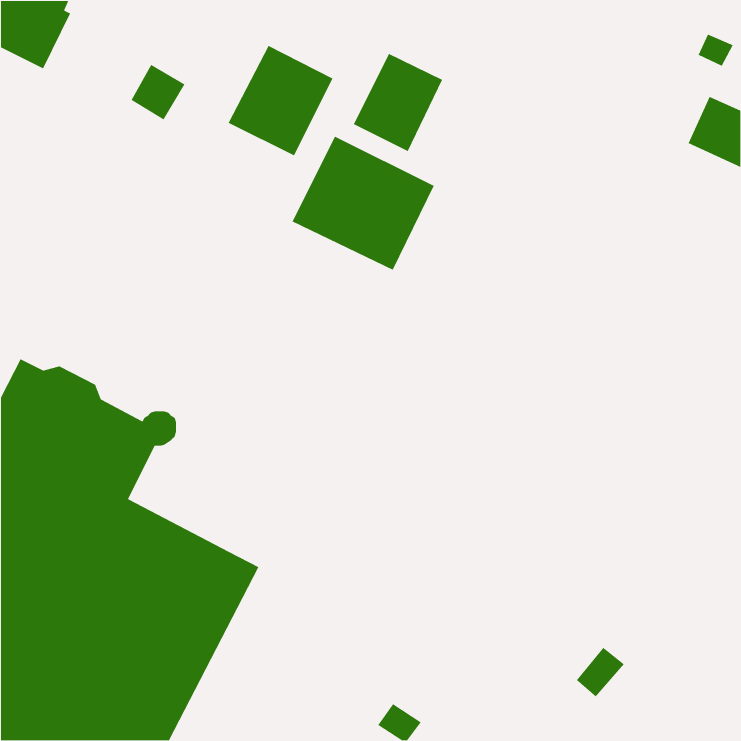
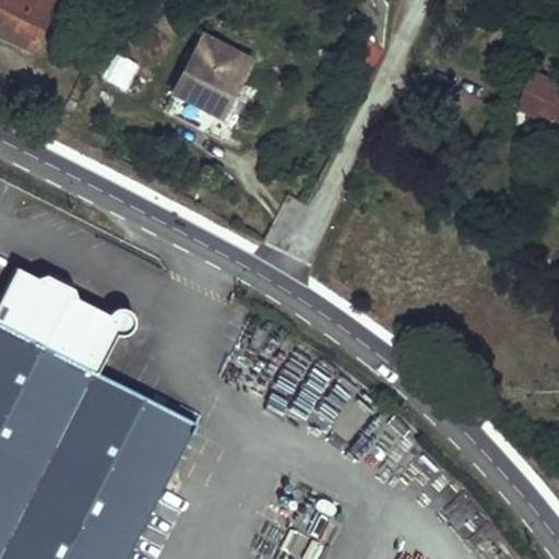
building: [353,53,443,152] -> none
building: [291,136,435,271] -> none

